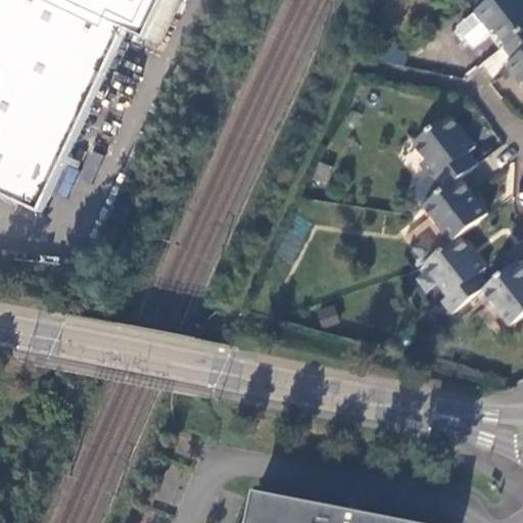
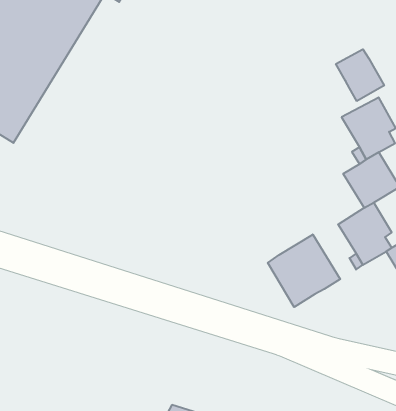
building: none -> [336,49,384,101]
building: none -> [268,234,340,307]

